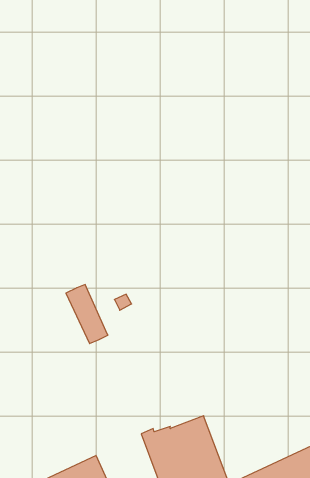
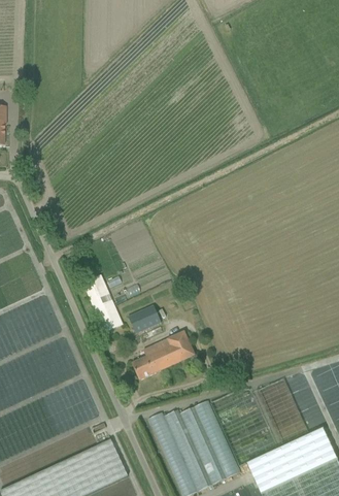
building: none -> [127,304,161,332]
building: none -> [132,331,195,379]

